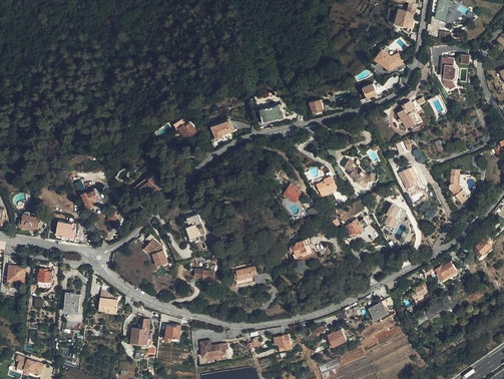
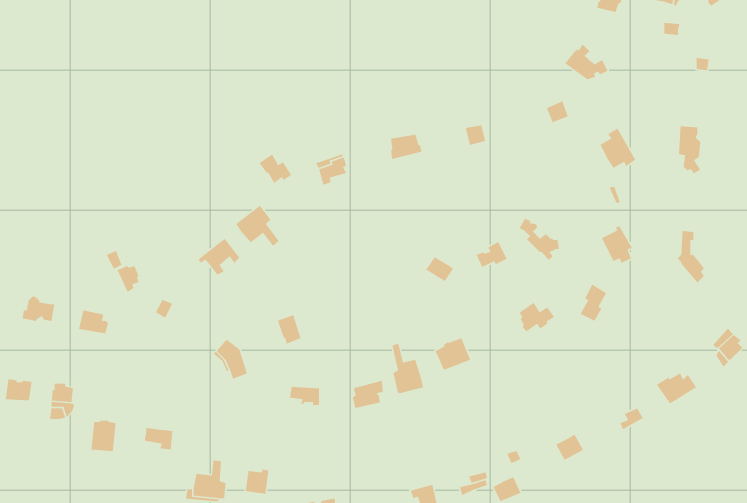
building: [440,58,455,90] -> [678,125,701,174]
building: none -> [235,205,280,247]
building: none -> [391,343,424,394]

